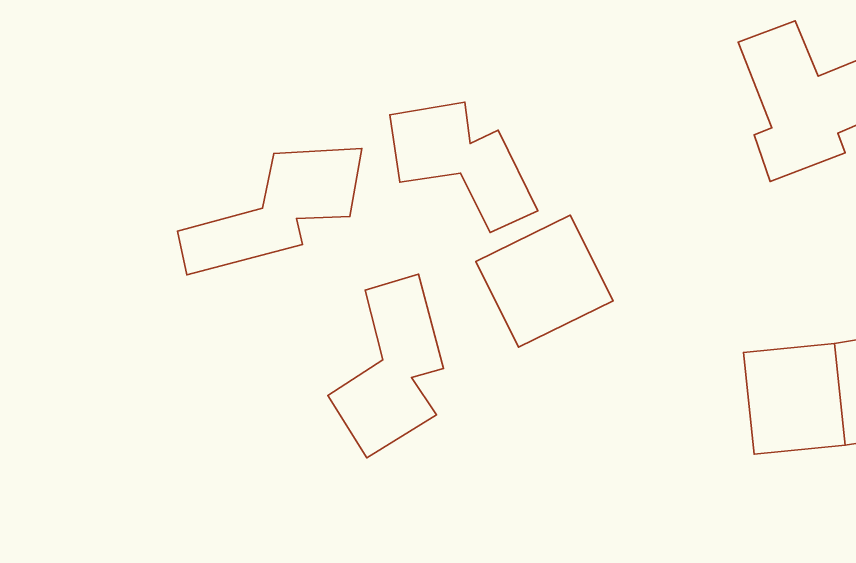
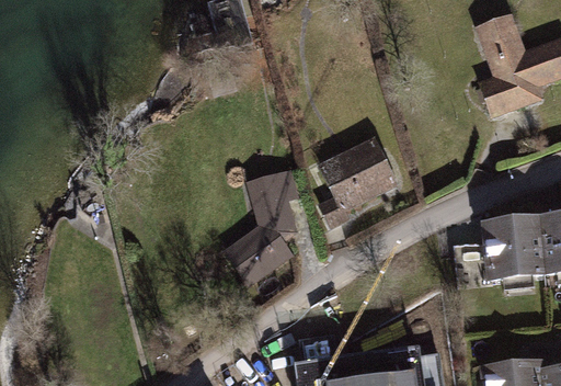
building: [390,102,538,232] -> none
building: [177,148,362,275] -> none

